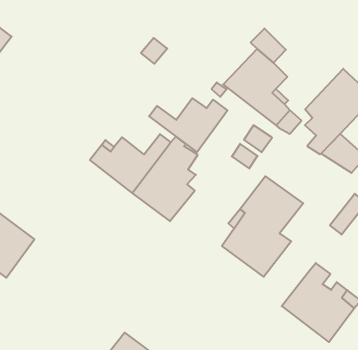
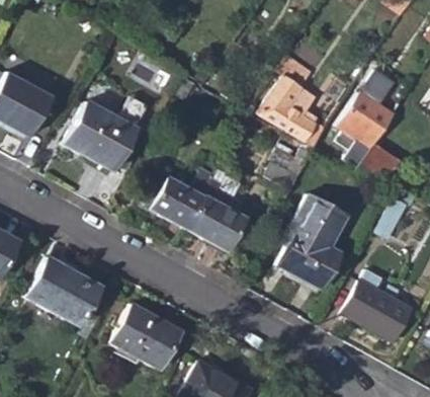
building: none -> [65,101,136,171]
building: [149,98,227,152] -> none
building: none -> [111,305,180,370]

